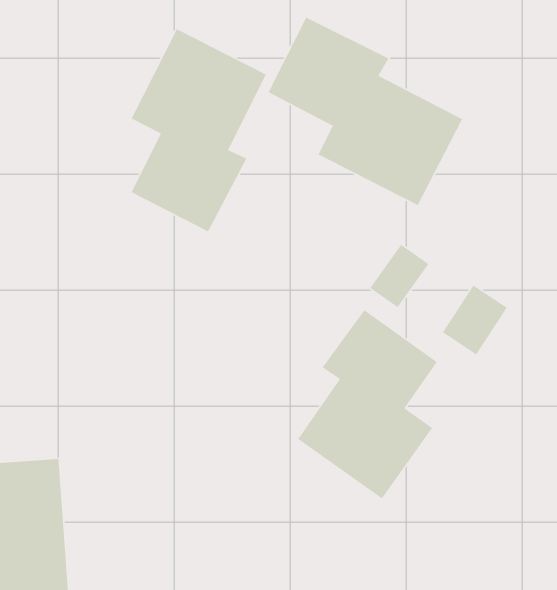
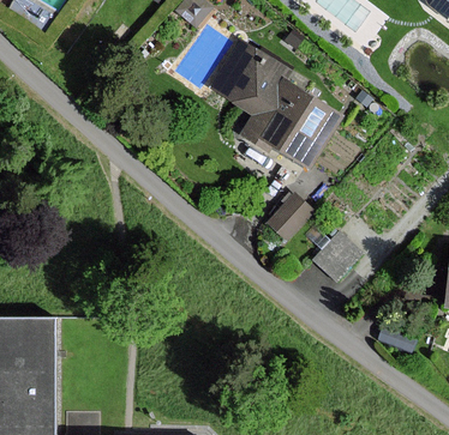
building: [130,28,267,232] -> none
building: [297,309,438,499] -> none

